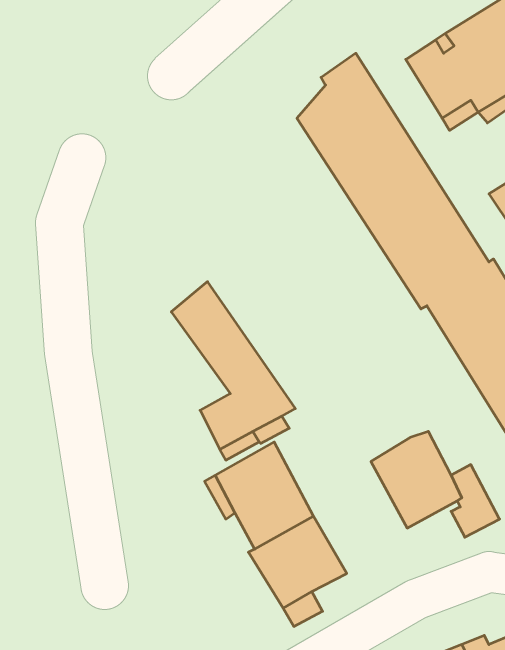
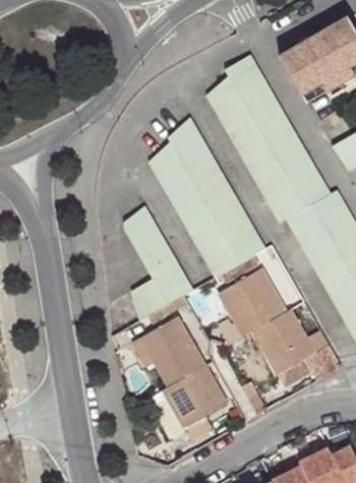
building: none -> [151,125,275,279]
building: none -> [219,270,280,336]

